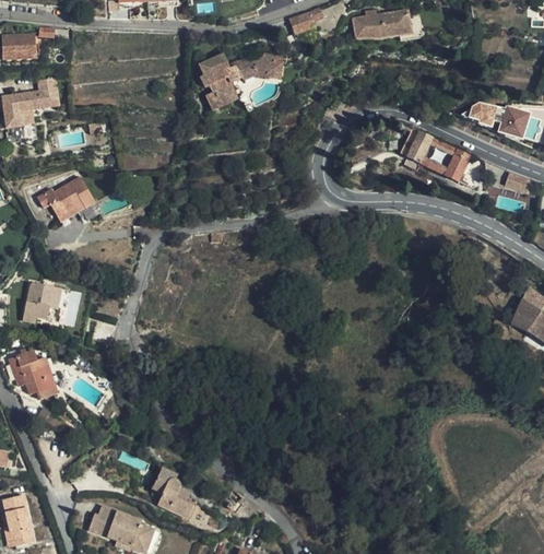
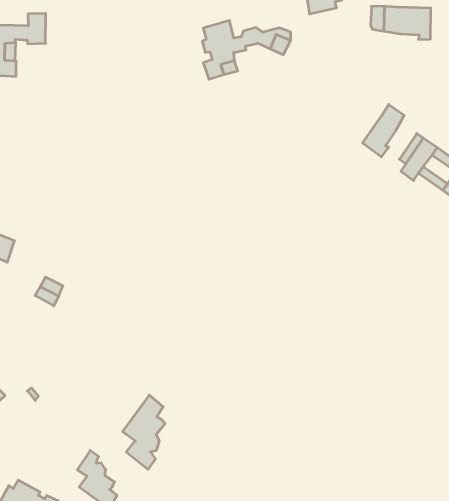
building: none -> [363,104,404,157]
building: [37,176,95,221] -> none
building: none -> [123,395,165,469]

